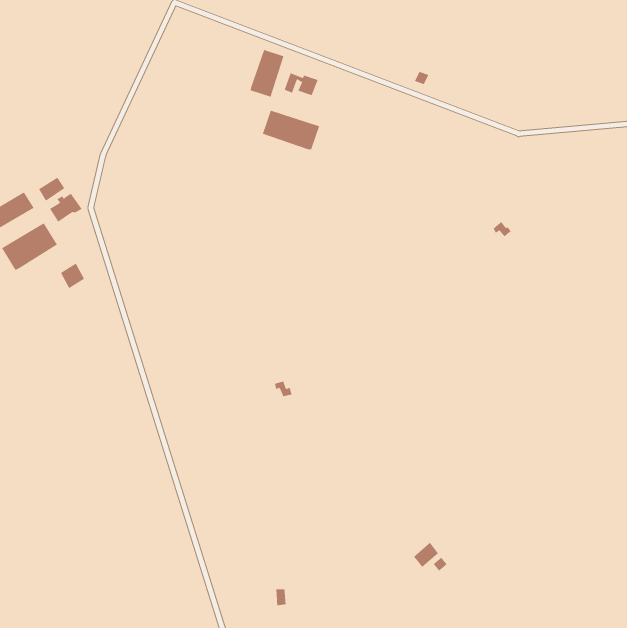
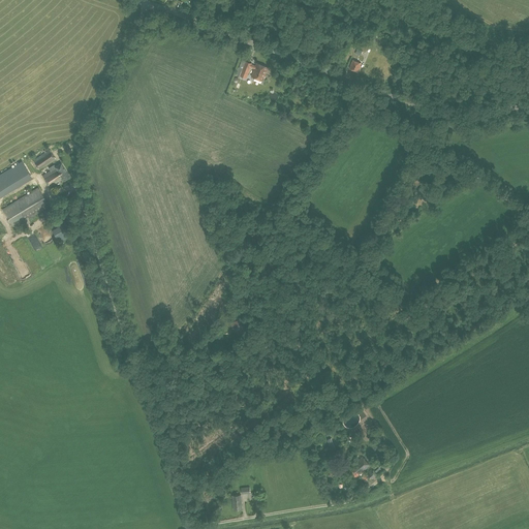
building: [250,49,284,98] -> none
building: [262,110,320,150] -> none

